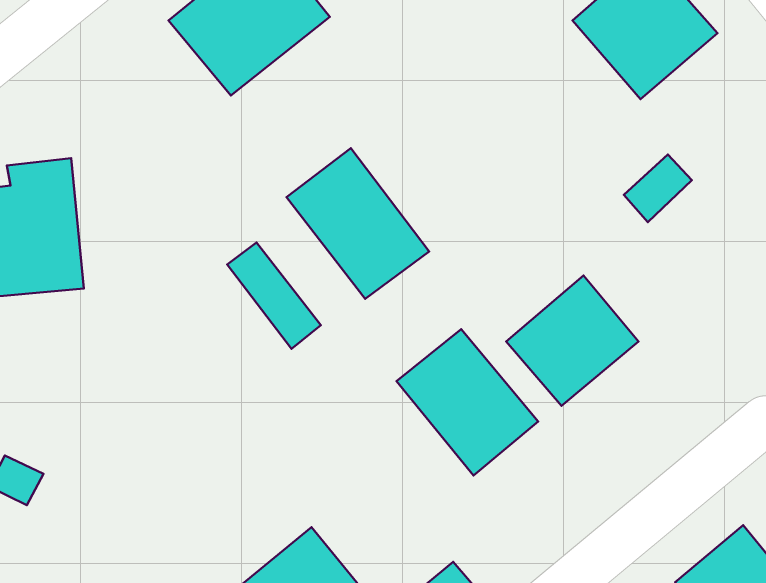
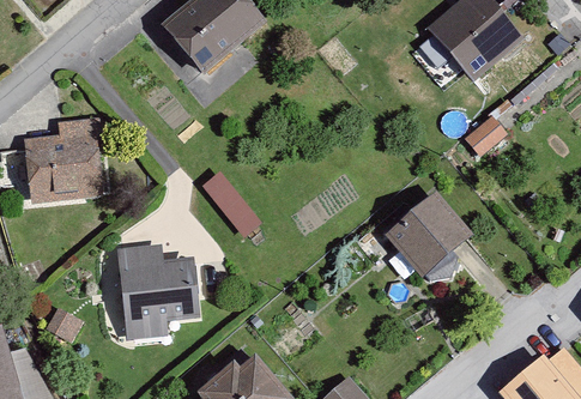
building: [287,148,429,299] -> none
building: [397,329,538,475] -> none
building: none -> [119,248,202,341]

